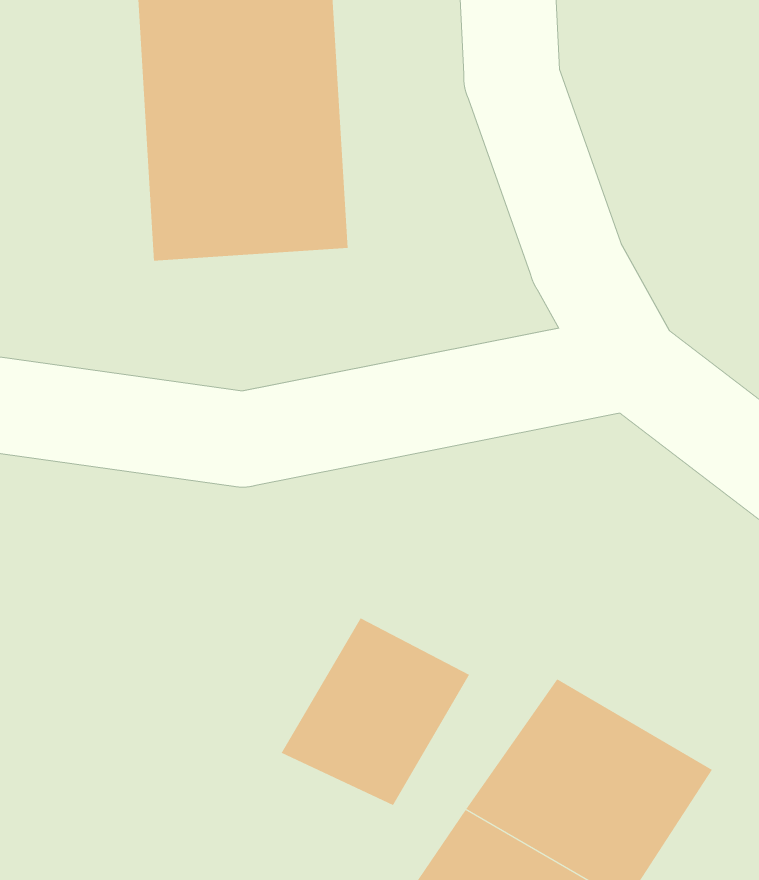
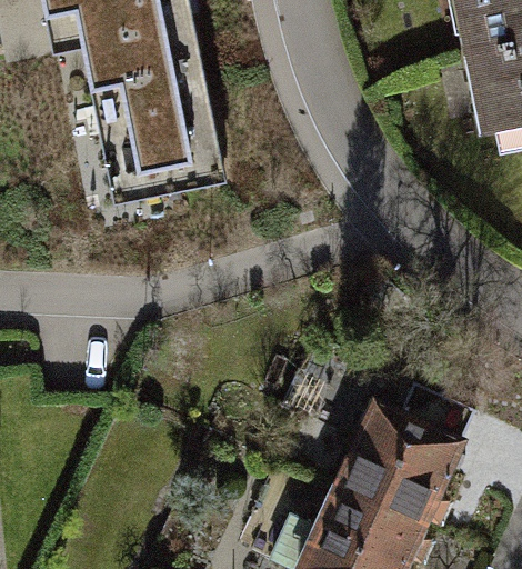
building: [281,617,470,806] -> none

